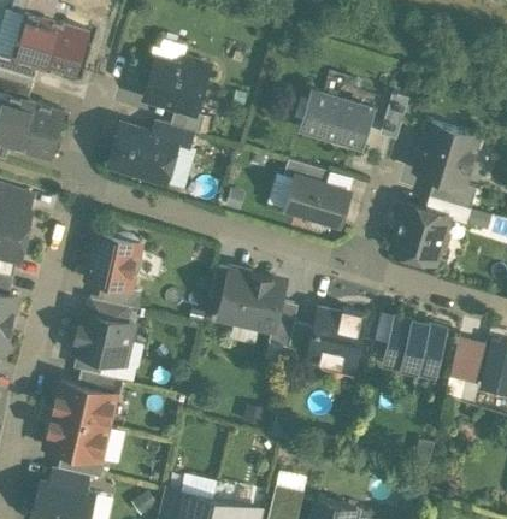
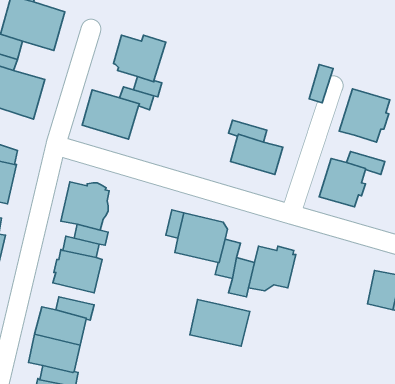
building: [301,92,372,147] -> none
building: [429,178,476,210] -> none
building: [383,318,446,377] -> none
building: none -> [190,299,250,346]

